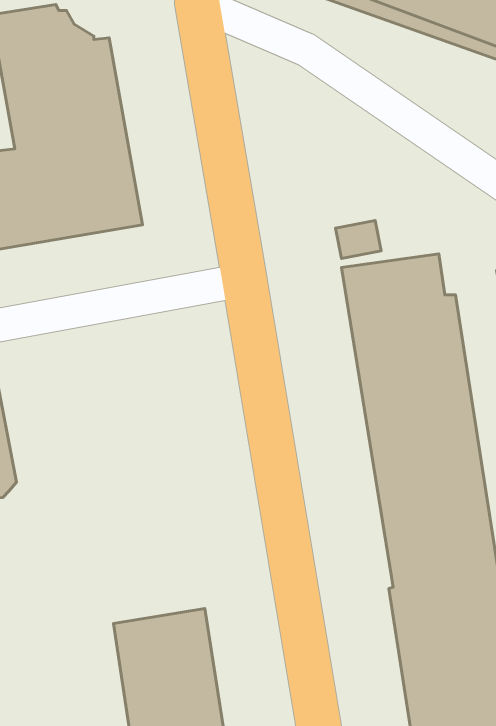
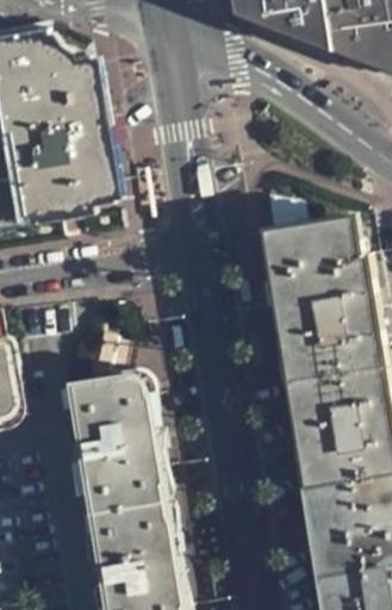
building: none -> [68,374,161,511]

